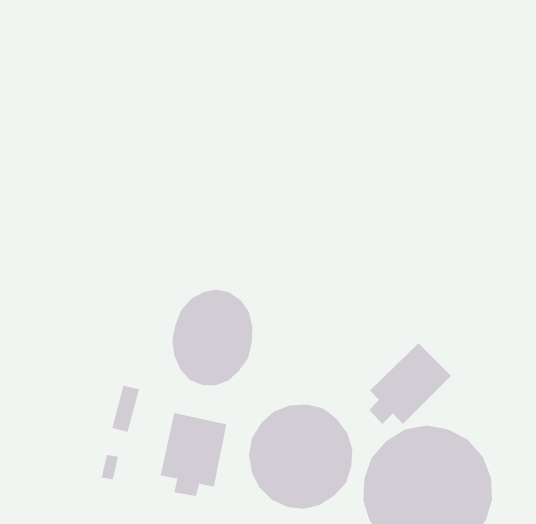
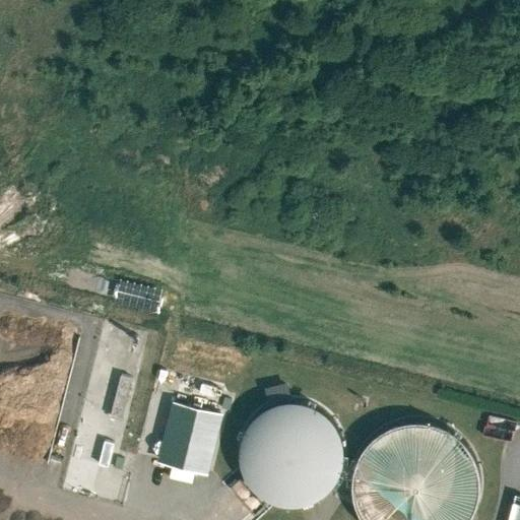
building: [172,289,253,386] -> none
building: [369,342,452,425] -> none

